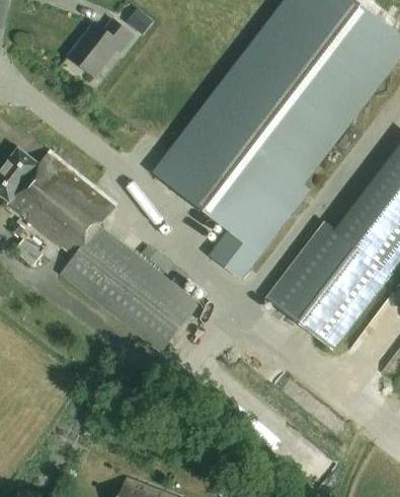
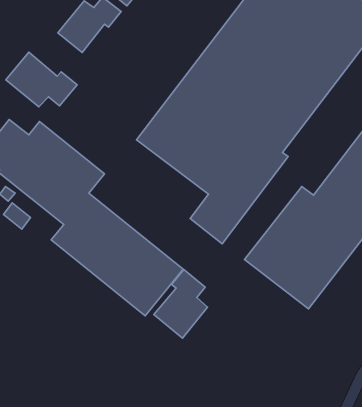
building: none -> [6,52,77,107]
building: none -> [154,269,207,338]

